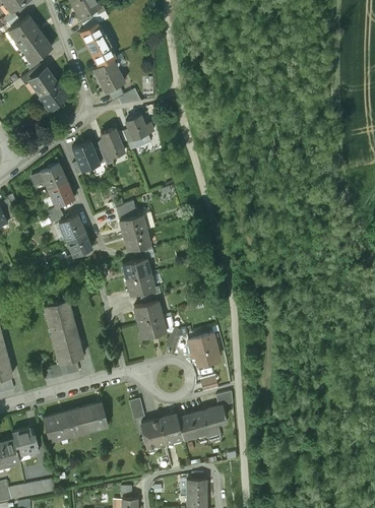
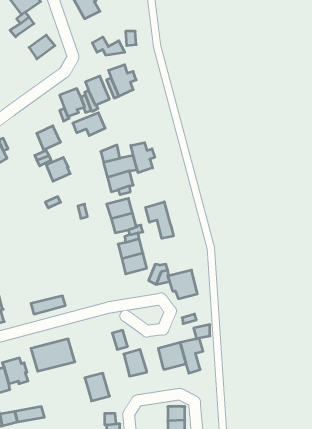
building: [92,59,124,93] -> none
building: [28,69,58,98] -> none
building: [30,165,65,189] -> [73,113,105,136]
building: none -> [131,143,155,173]
building: [65,232,91,256] -> none
building: none -> [146,202,173,238]
building: [44,300,82,363] -> none
building: [81,402,108,432] -> [85,373,110,401]
building: [158,415,182,442] -> none

